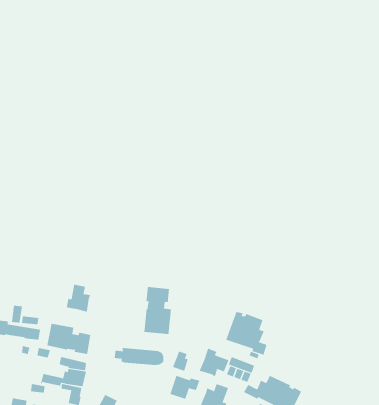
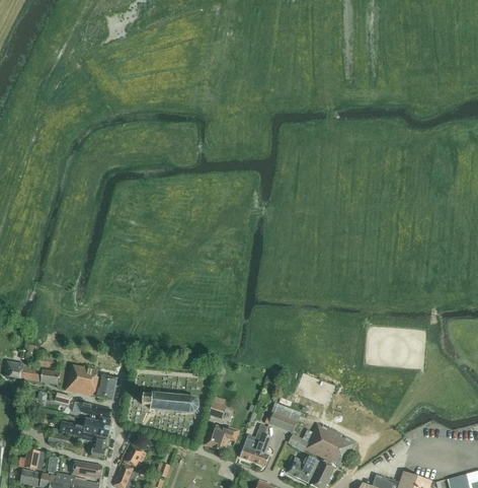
building: [66,284,91,312] -> none
building: [144,286,172,335] -> none
building: [225,311,267,355] -> none
building: [199,348,229,377] -> none

